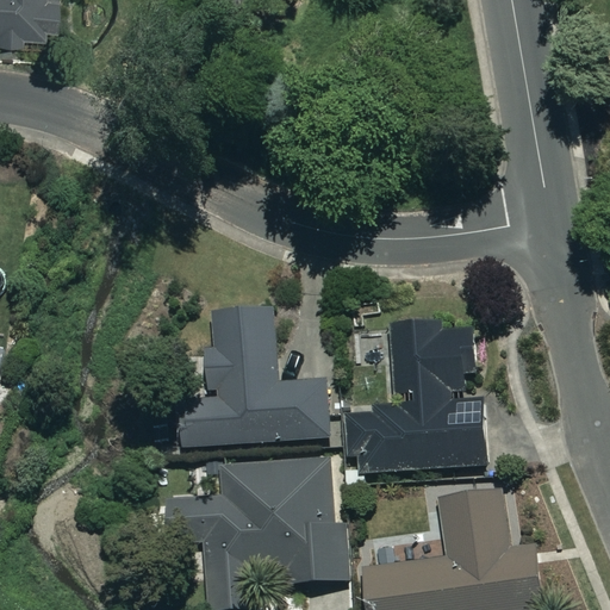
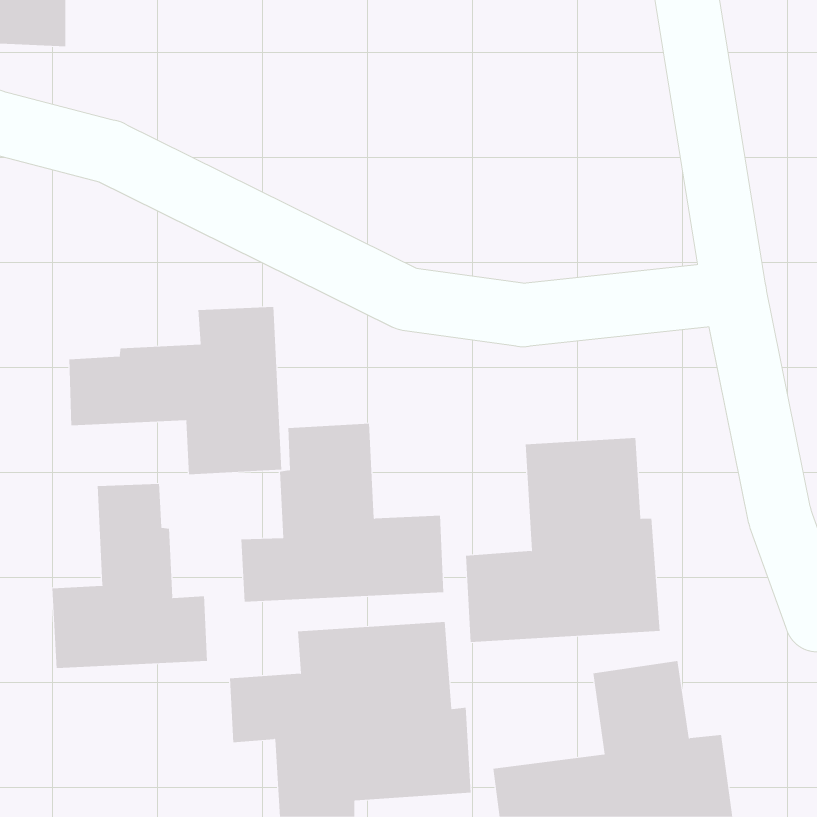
building: none -> [69,306,282,475]
building: none -> [52,483,208,669]

